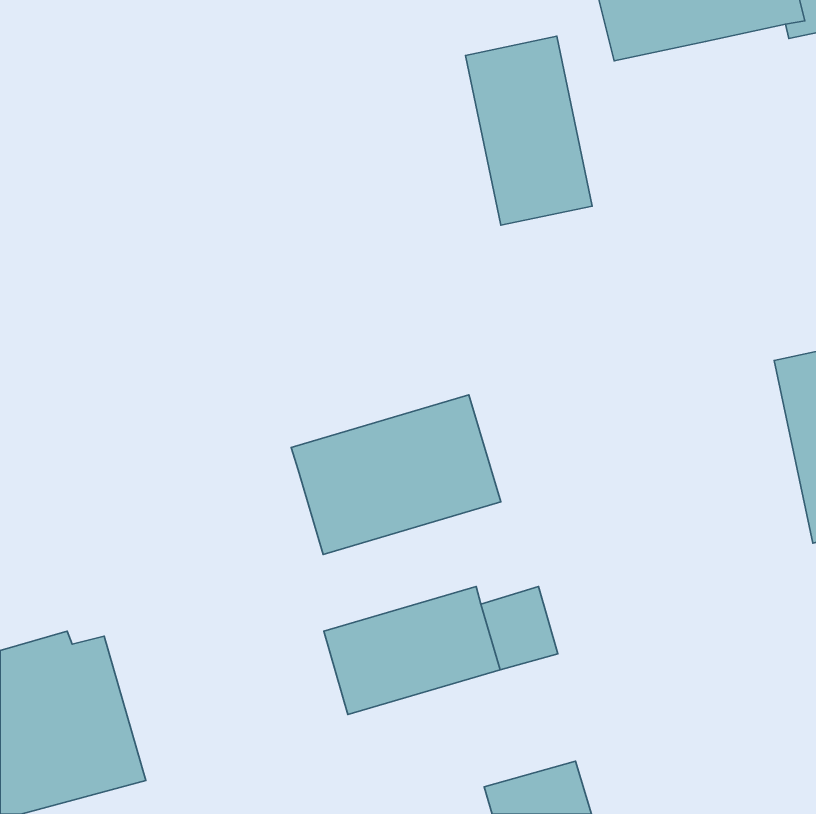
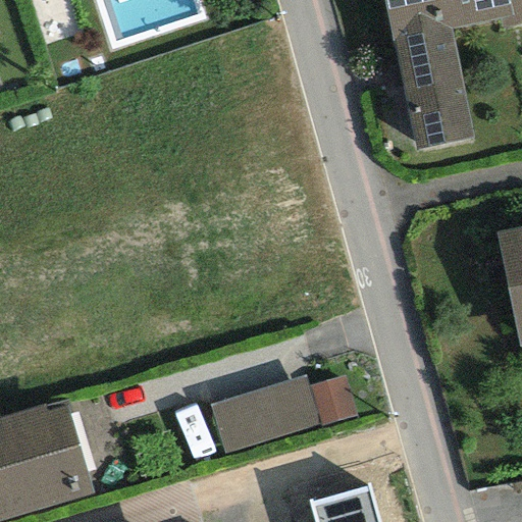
building: [466,36,592,225] -> [393,27,473,147]
building: [291,395,501,554] -> none

